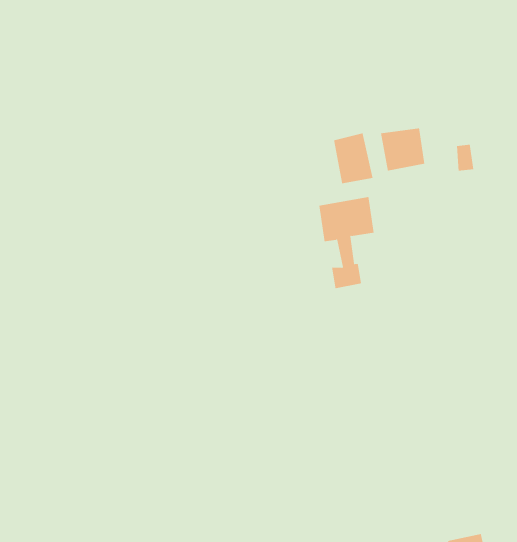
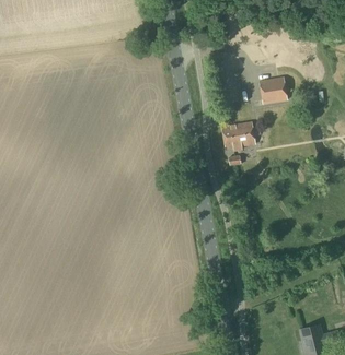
building: [334,133,373,184] -> none

